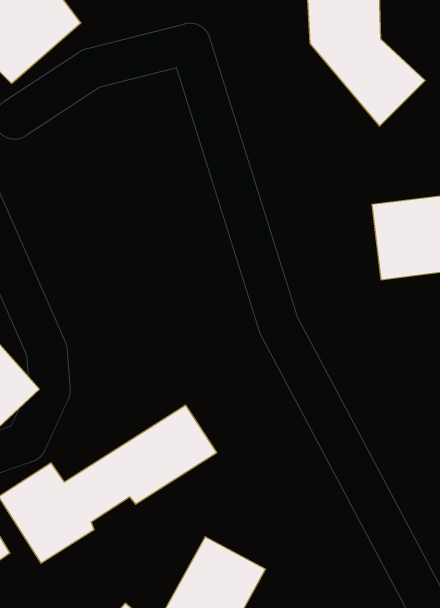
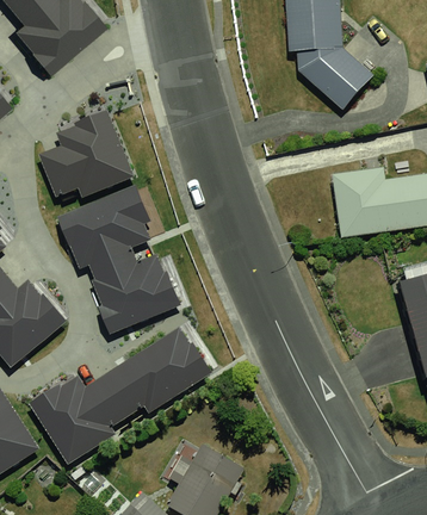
building: none -> [39,113,122,201]
building: none -> [54,192,166,333]

